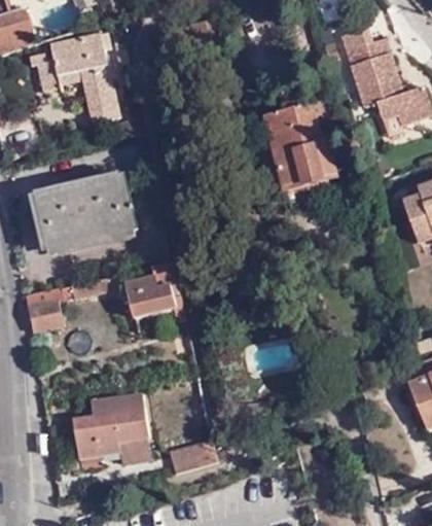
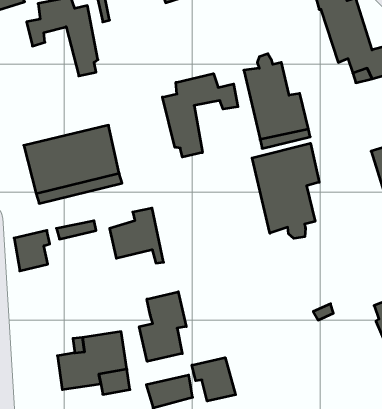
building: none -> [162,74,238,157]
building: none -> [252,143,319,238]
building: none -> [139,292,186,361]
building: none -> [192,358,236,401]

